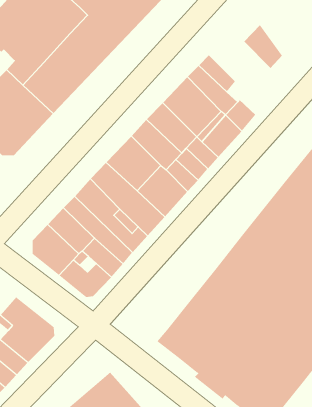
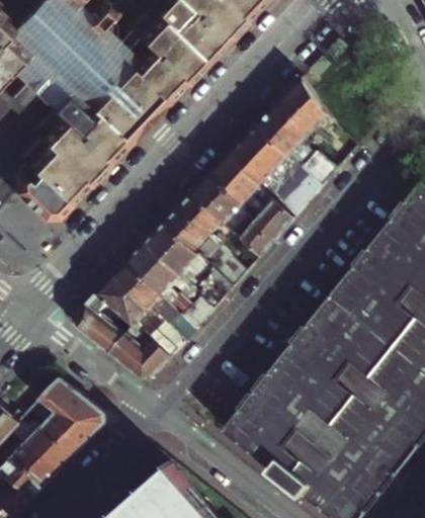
building: [243,24,283,69] -> [281,77,327,128]

